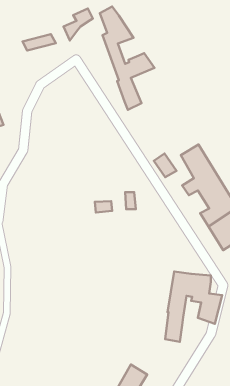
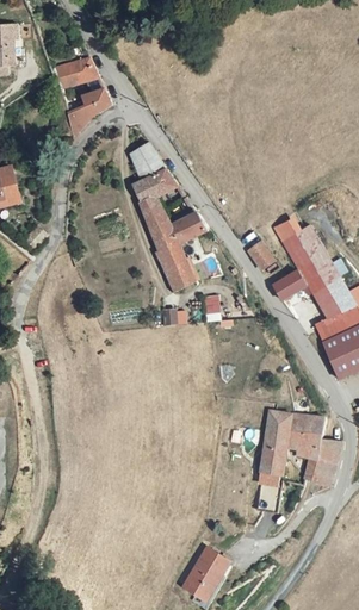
building: [100,7,155,110] -> [135,141,215,291]
building: [63,9,93,41] -> [66,86,109,132]

